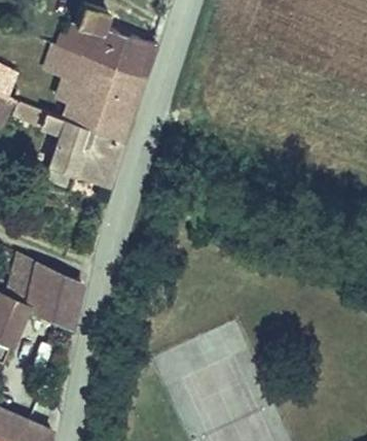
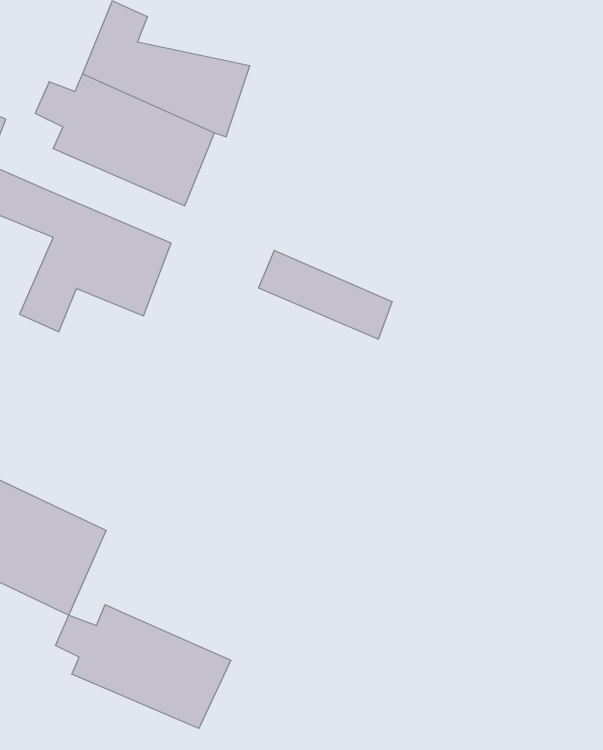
building: [59,92,129,138] -> [258,251,392,339]
building: none -> [56,605,231,728]

